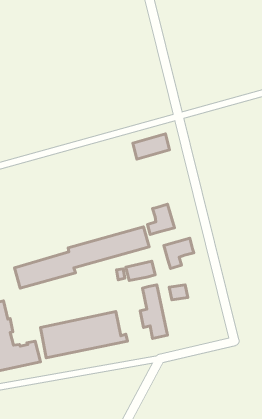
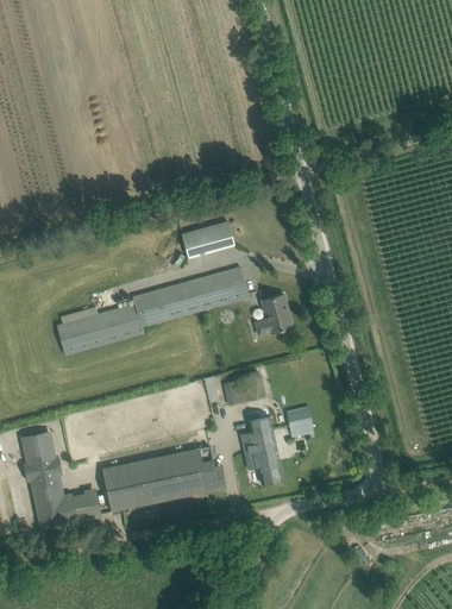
building: [133,134,170,159] -> [181,221,233,257]
building: [14,227,149,288] -> [56,268,247,354]
building: [164,238,194,269] -> none

